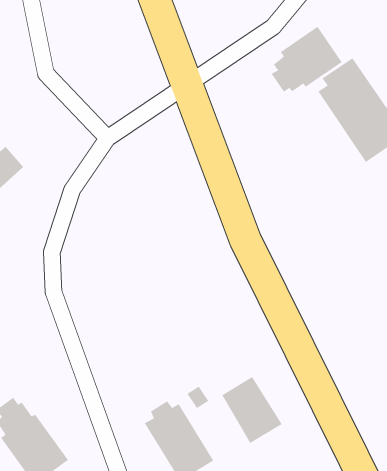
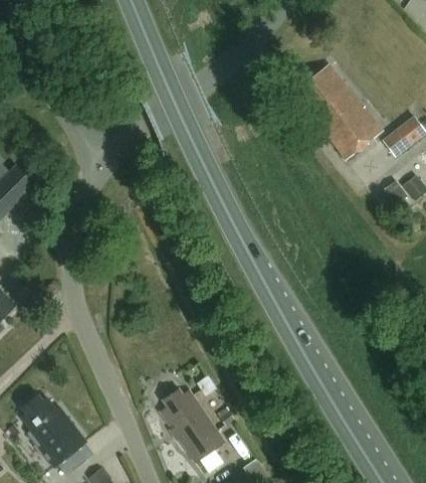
building: [271,26,342,93] -> none
building: [222,376,282,444] -> none

